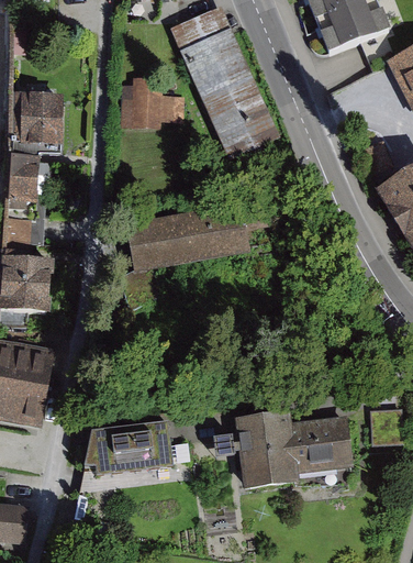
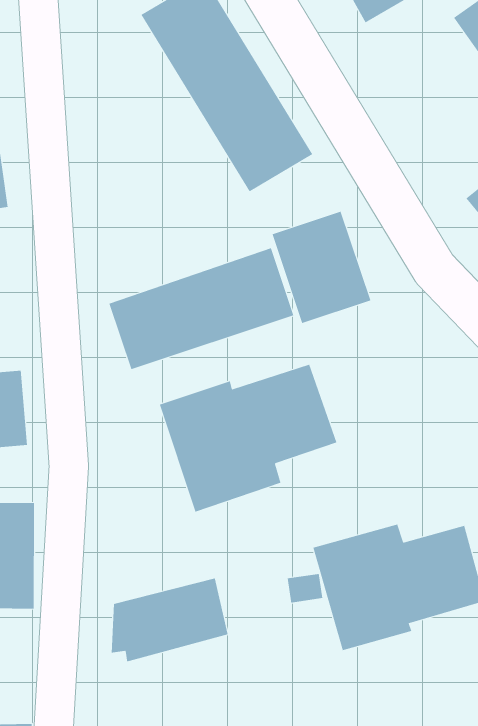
building: [122,74,185,129] -> none
building: none -> [272,211,371,324]
building: none -> [159,364,337,513]

